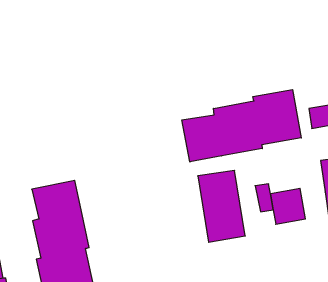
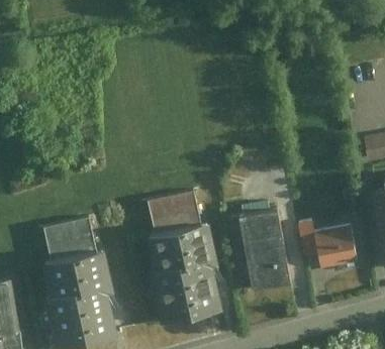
building: [182,90,301,162] -> none
building: none -> [154,193,223,323]

